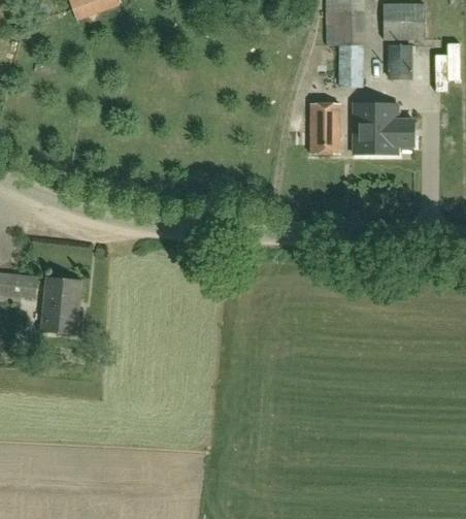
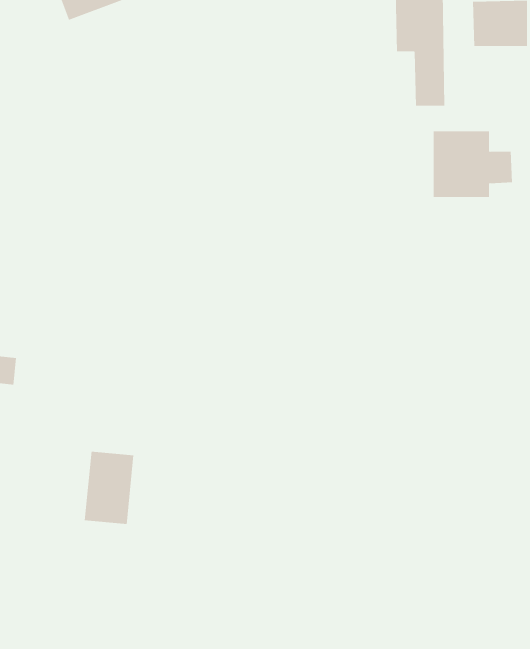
building: [391,44,411,77] -> none
building: [310,103,340,152] -> none
building: [42,277,80,332] -> [84,451,134,524]

